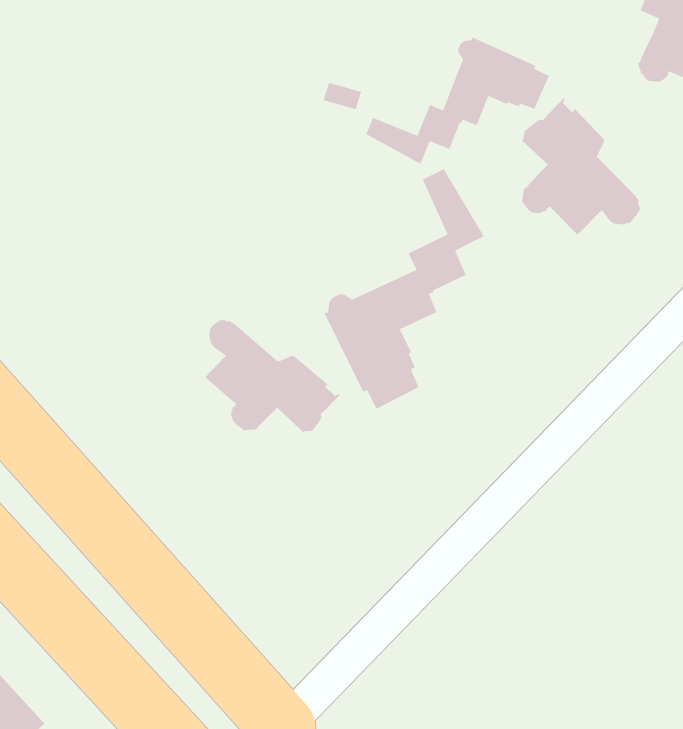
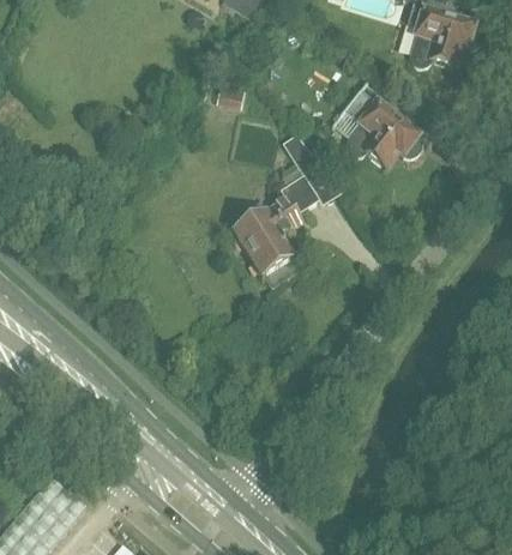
building: [365,36,550,165] -> none
building: [204,319,341,434] -> none

